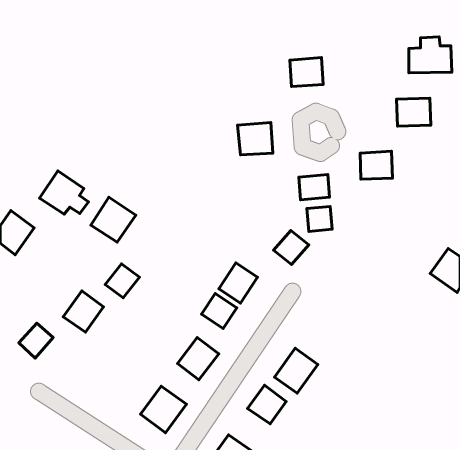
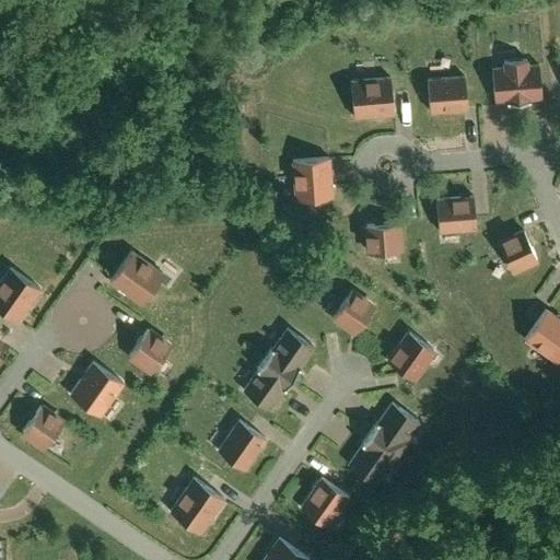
building: [397,98,431,126] -> [430,79,471,113]
building: [40,171,88,214] -> none
building: none -> [494,235,535,277]
building: [307,206,332,231] -> none
building: none -> [387,336,431,382]
building: none -> [371,398,423,452]

